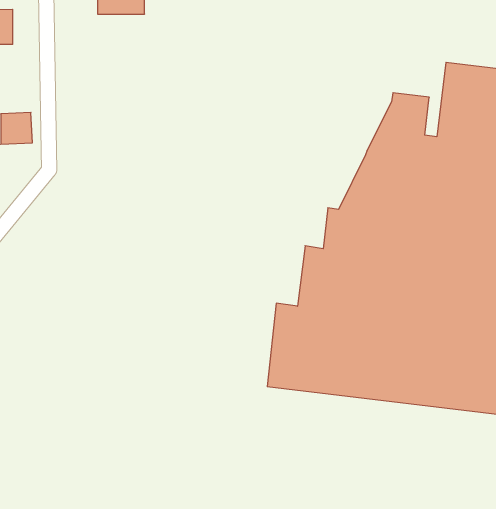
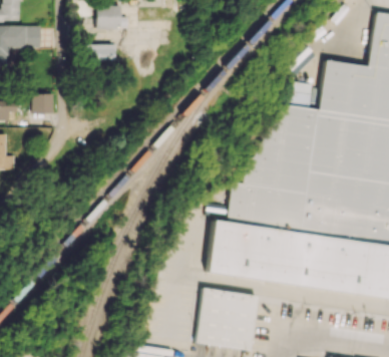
building: none -> [86,44,115,61]
building: none -> [197,288,258,350]

